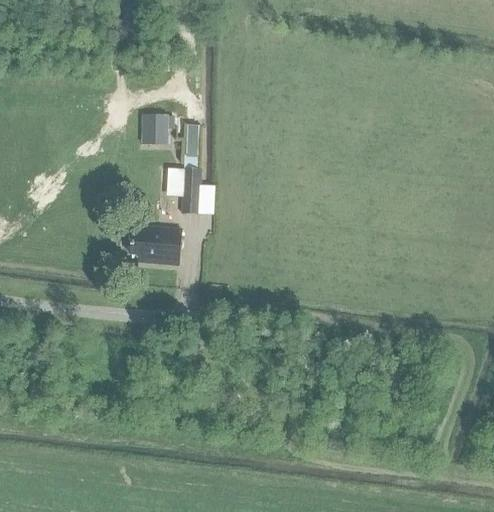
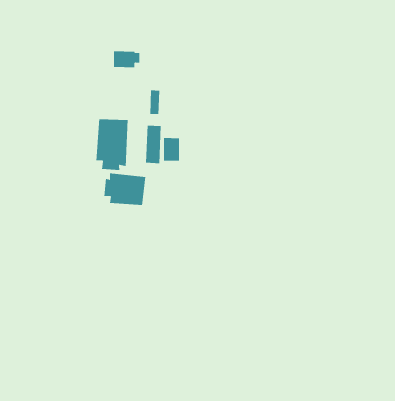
building: [140,114,173,135] -> [113,51,140,68]
building: none -> [96,118,128,171]

